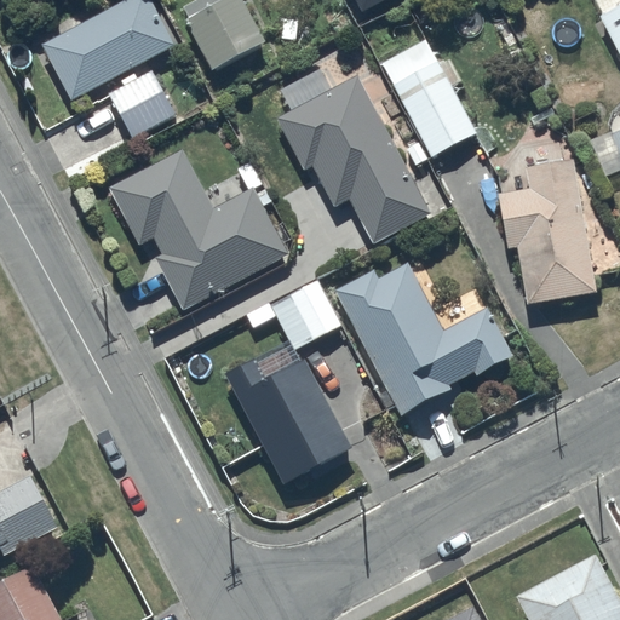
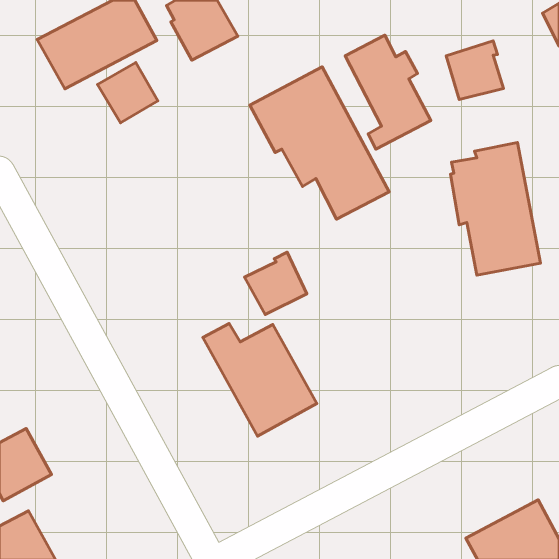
building: none -> [446,41,503,99]
building: [109,150,287,308] -> none
building: [334,263,511,415] -> none

